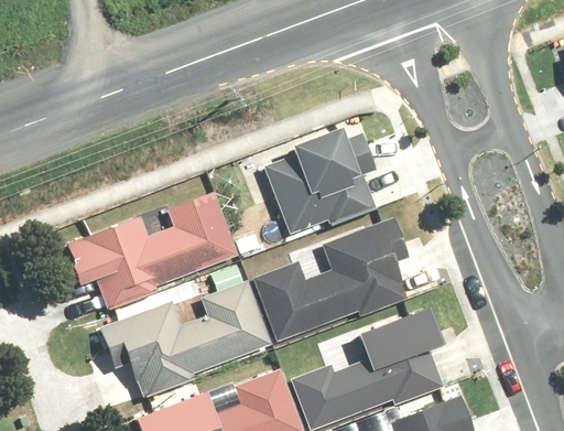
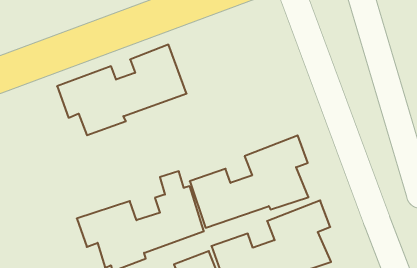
building: [261,127,379,237] -> none
building: [67,190,239,310] -> [57,45,187,135]

